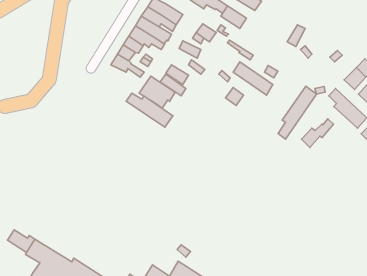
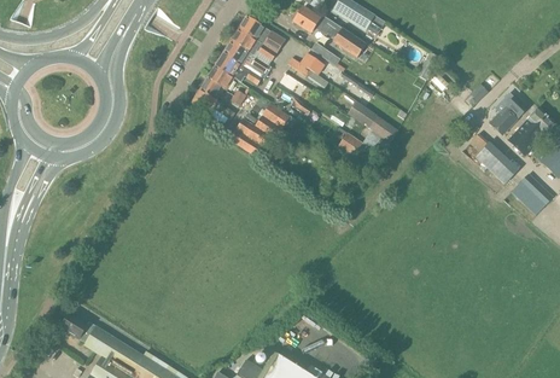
building: [278,86,317,139] -> none
building: [126,93,173,127] -> none
building: [301,119,334,148] -> none

